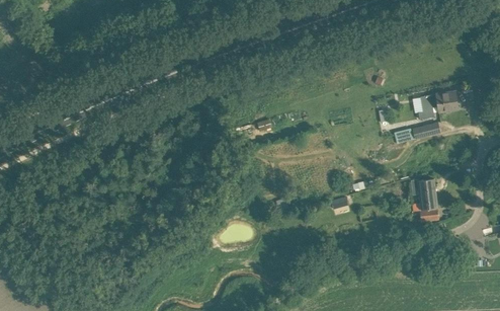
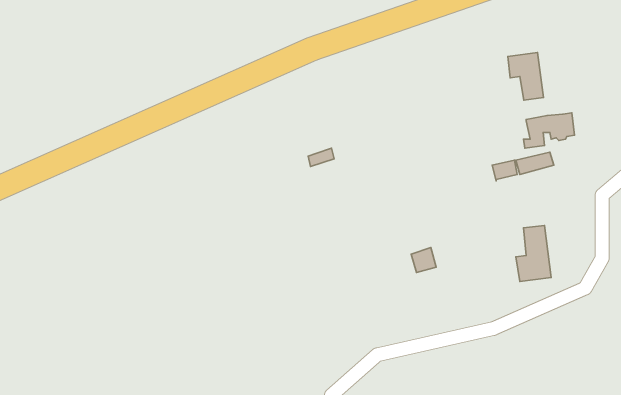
building: none -> [508,53,544,100]

